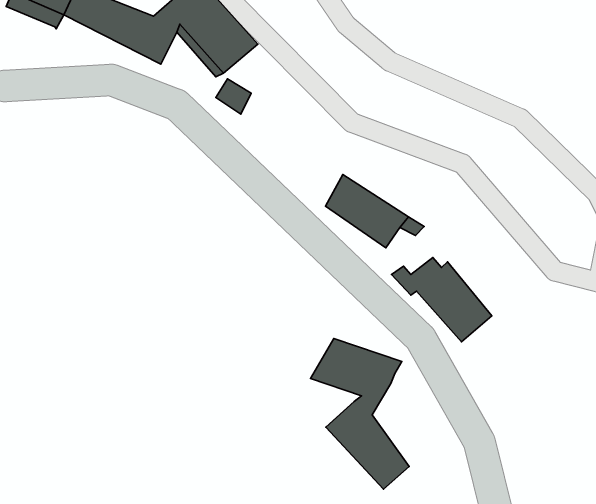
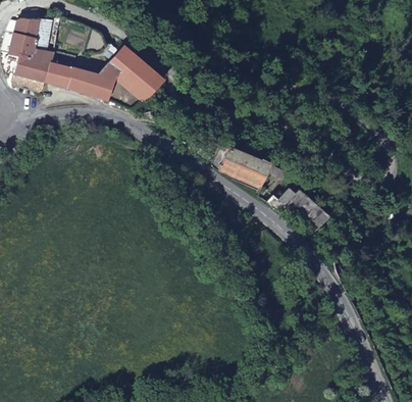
building: [311,338,409,489] -> none

